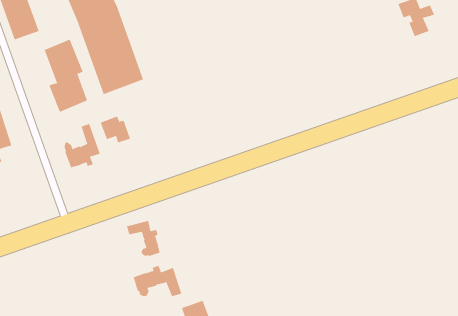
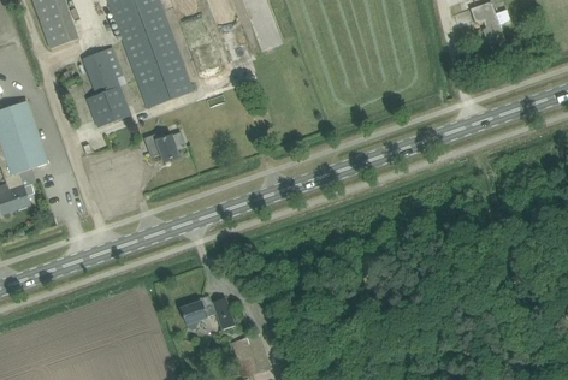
building: [64,123,100,169] -> none
building: [126,220,161,257] -> none

